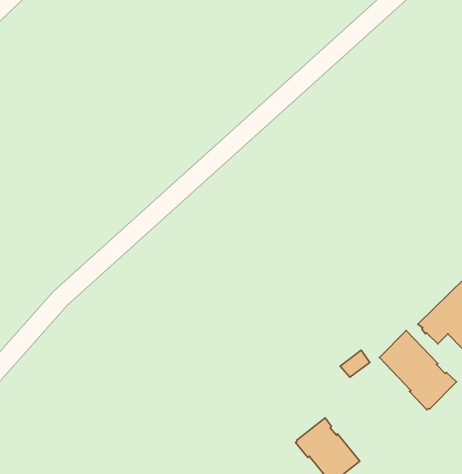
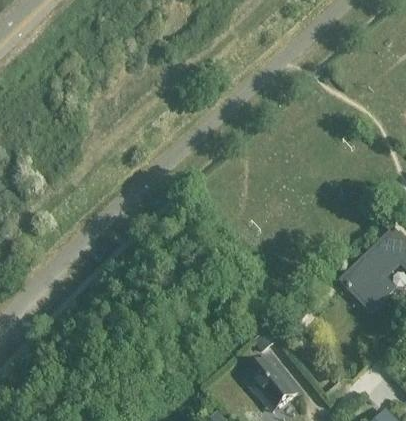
building: [379,331,457,410] -> none

